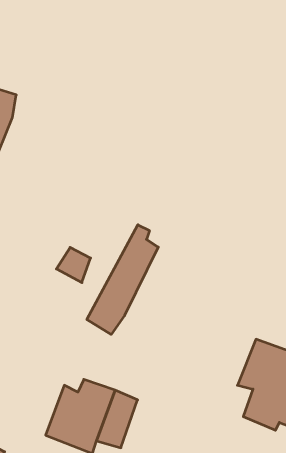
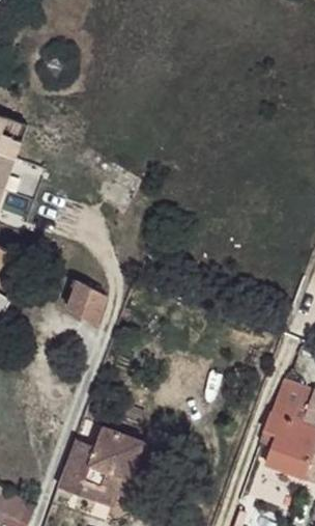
building: [87,225,158,334] -> none

